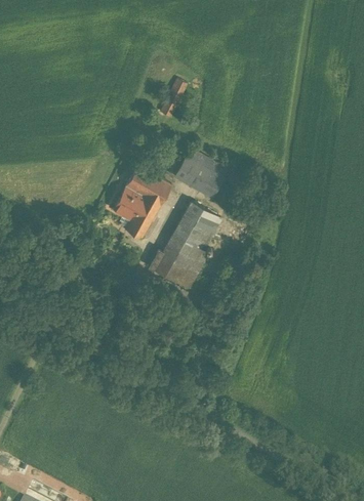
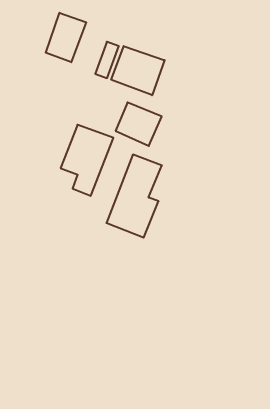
building: none -> [46,13,86,62]
building: none -> [111,46,165,95]

